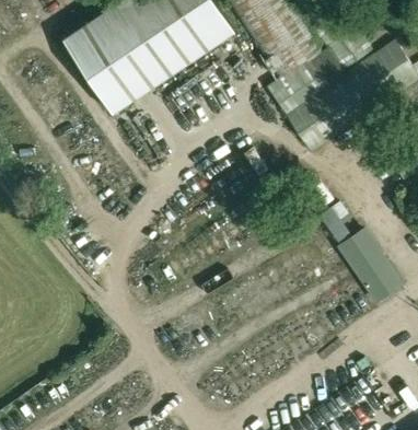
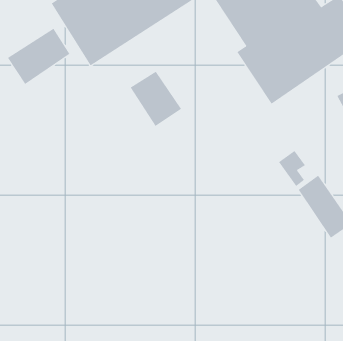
building: none -> [7,28,70,85]
building: none -> [130,71,182,127]

